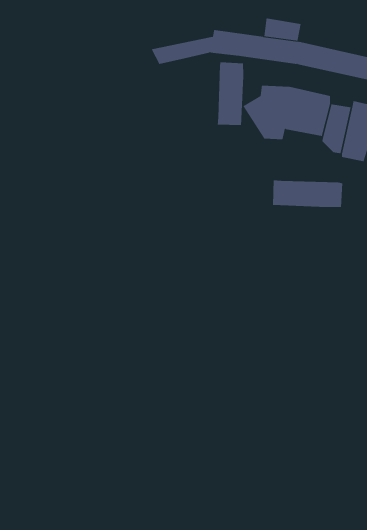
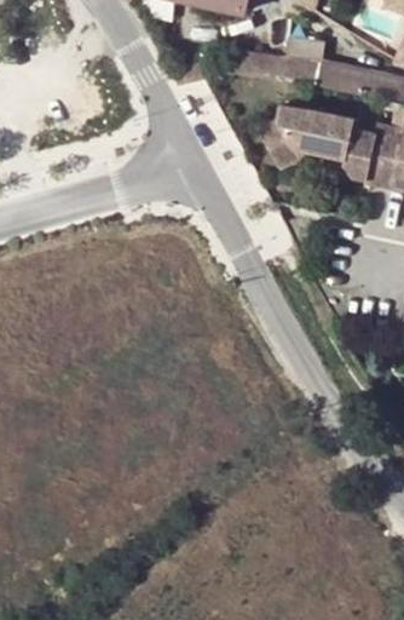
building: [217,61,244,126] -> none
building: [273,179,343,208] -> none

